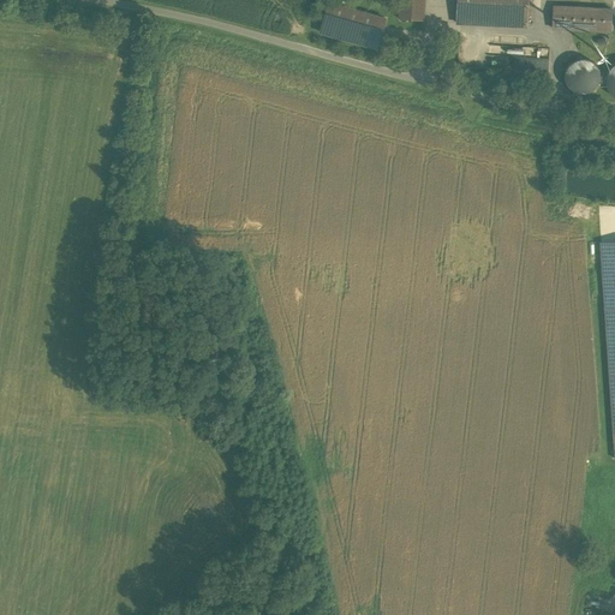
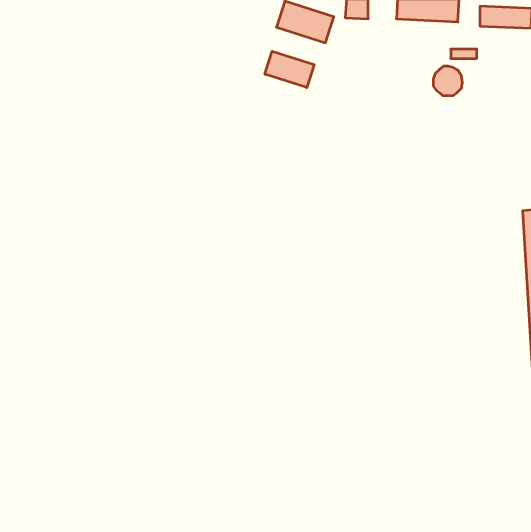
building: [567,54,601,88] -> [433,66,462,96]
building: none -> [265,51,314,88]

